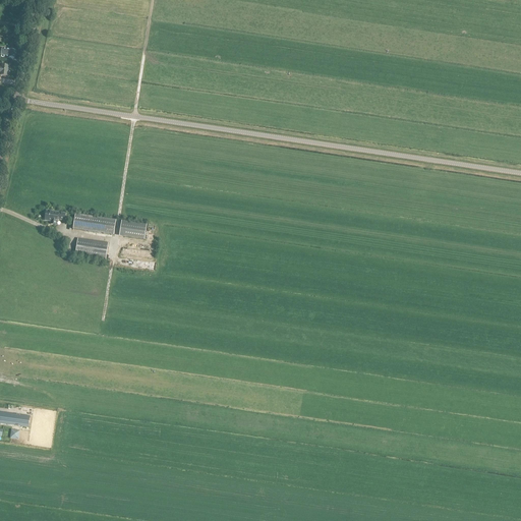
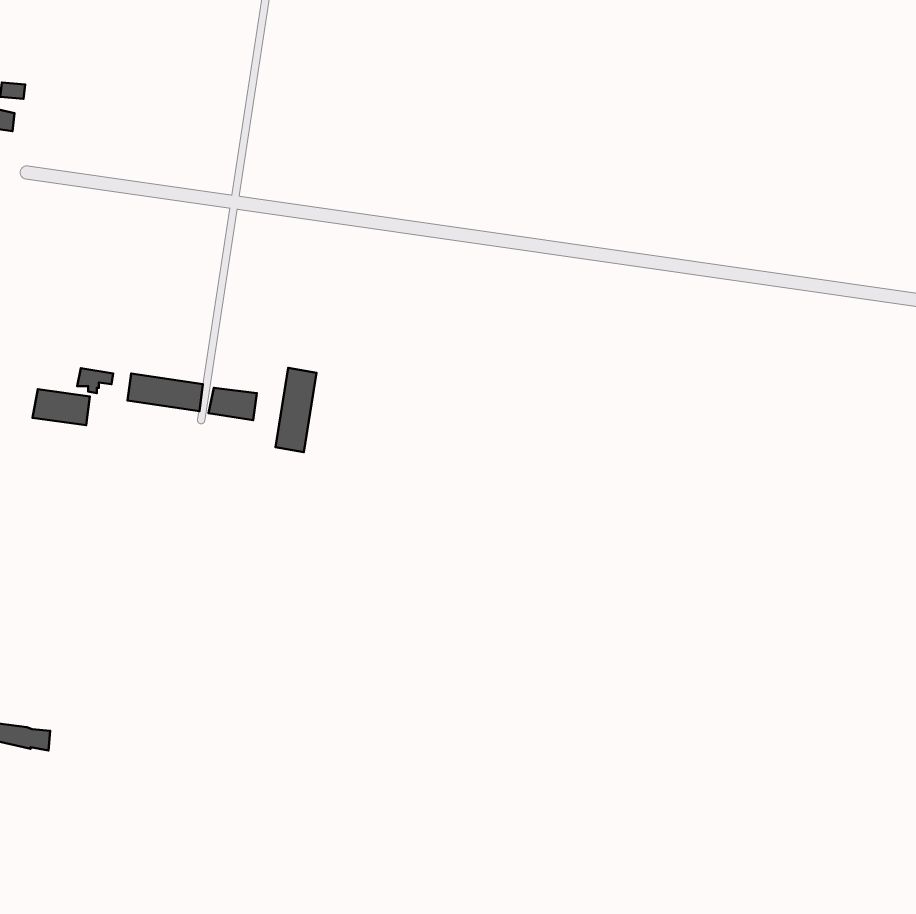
building: none -> [276,368,317,452]
building: [74,237,107,257] -> [32,389,90,425]

